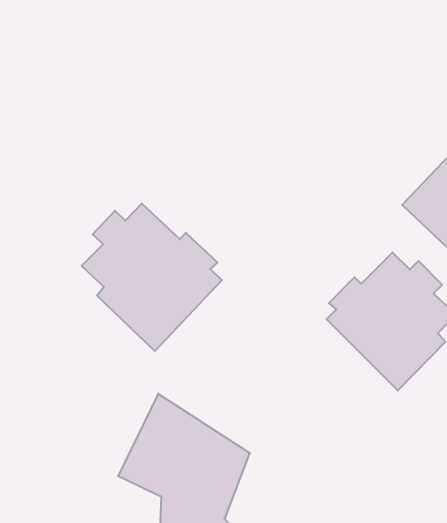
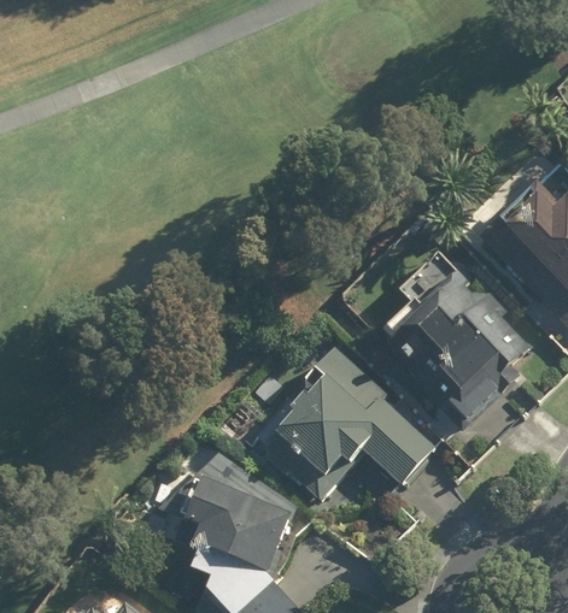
building: [82,203,222,351] -> none
building: none -> [262,346,443,502]

